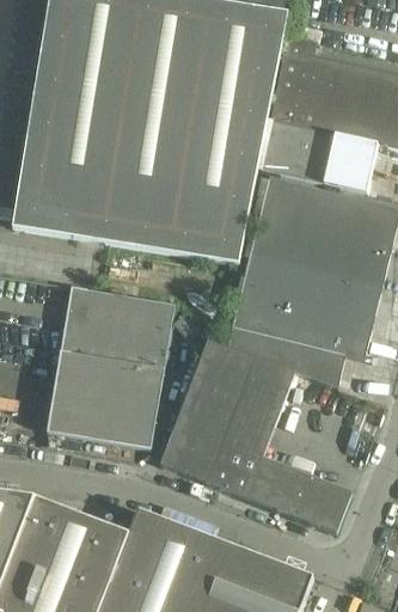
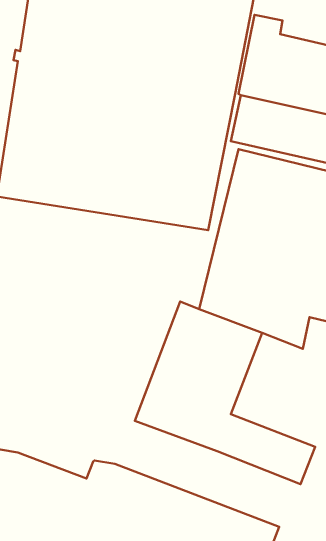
building: [47,286,176,449] -> none

